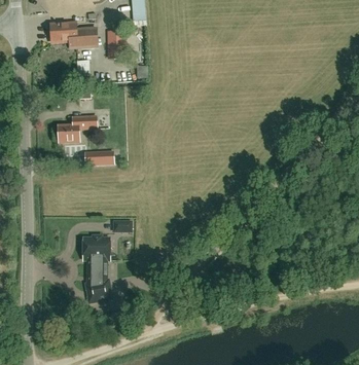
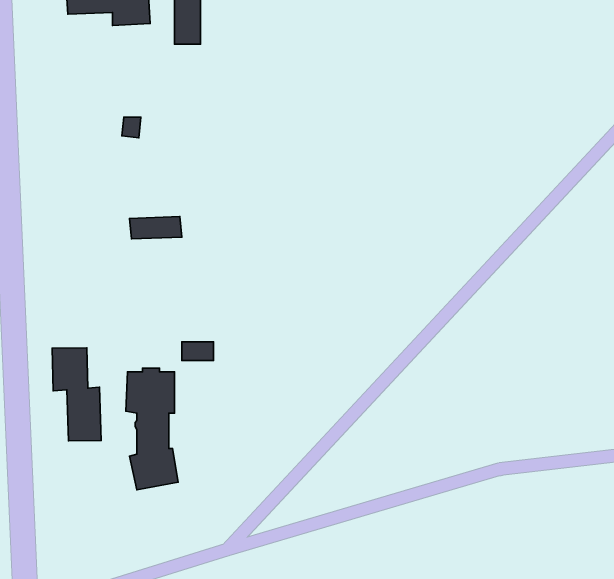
building: [58,116,97,141] -> none
building: none -> [52,348,101,441]

